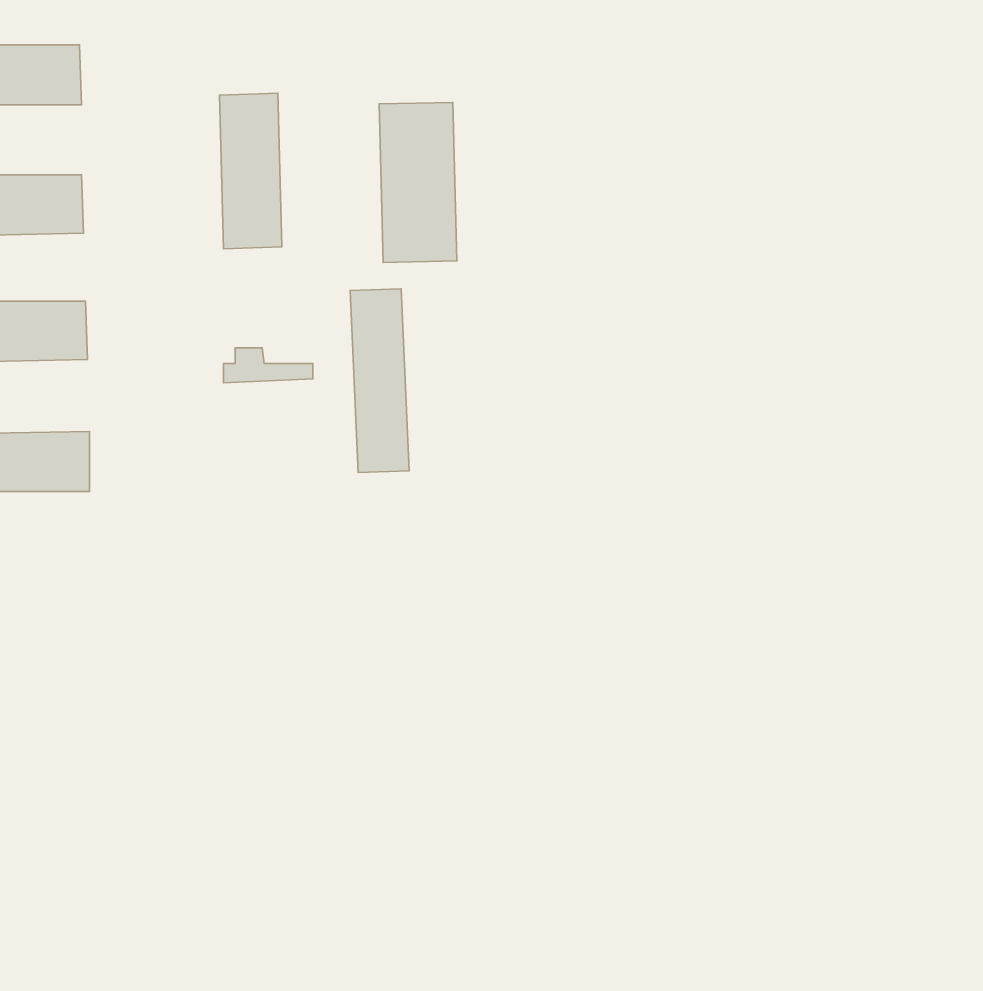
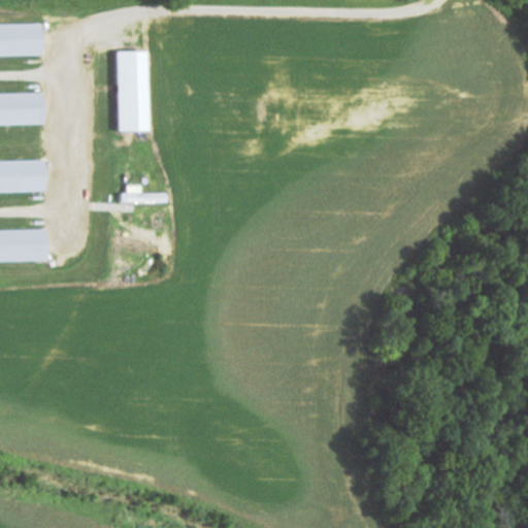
building: [379,103,457,262] -> none
building: [350,289,409,473] -> none

